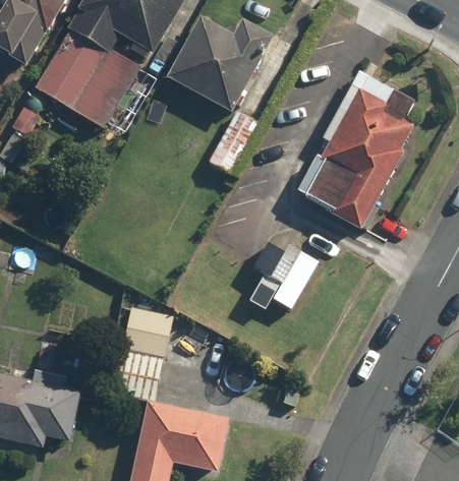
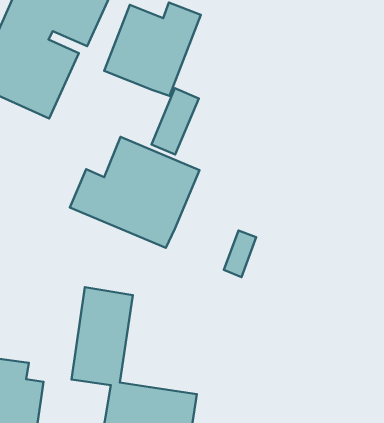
building: [302,73,412,234] -> none
building: none -> [70,137,199,248]

